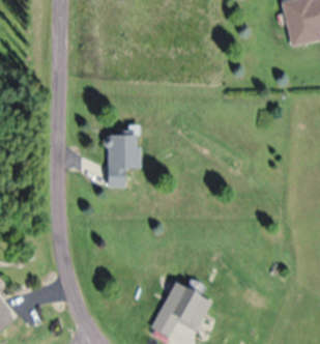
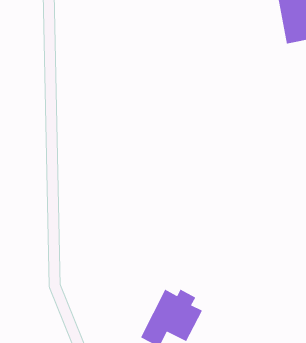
building: [108,133,140,187] -> none

